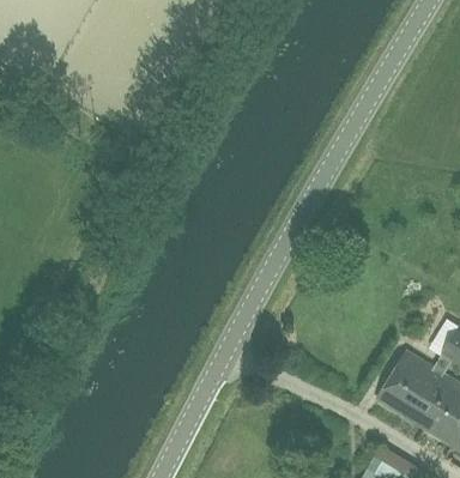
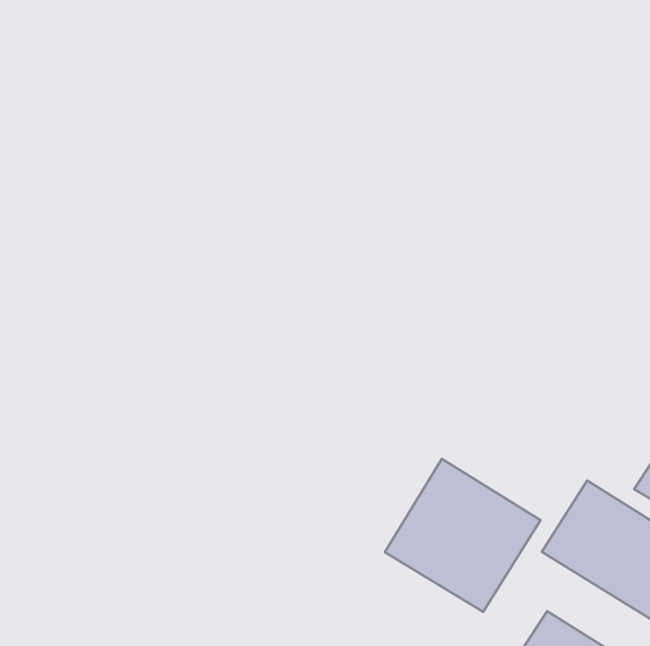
building: none -> [385,459,541,612]

